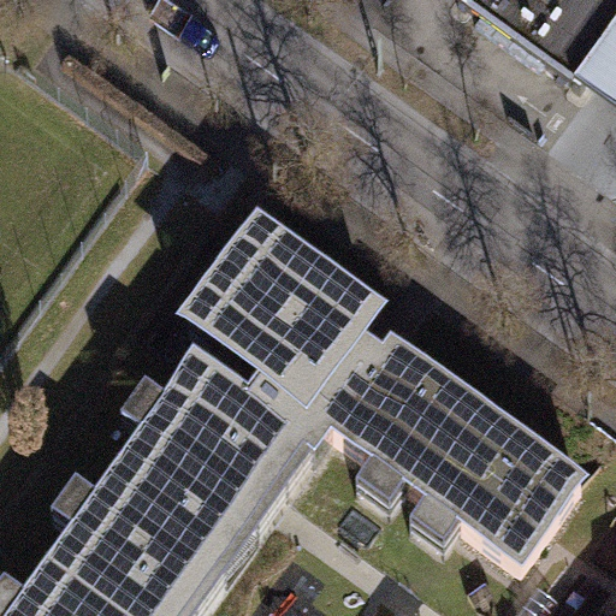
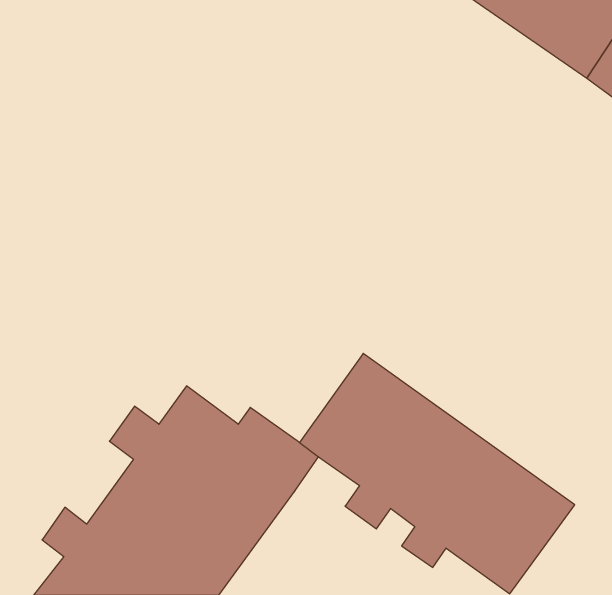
building: [172,241,381,443] -> none

